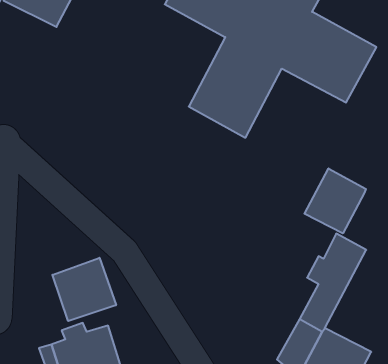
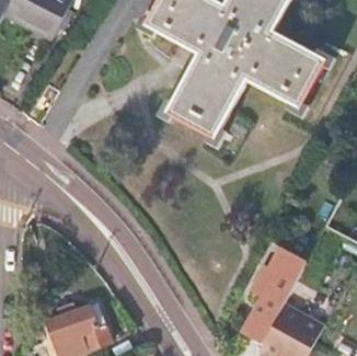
building: [304,168,366,233] -> none
building: [52,258,116,321] -> none

